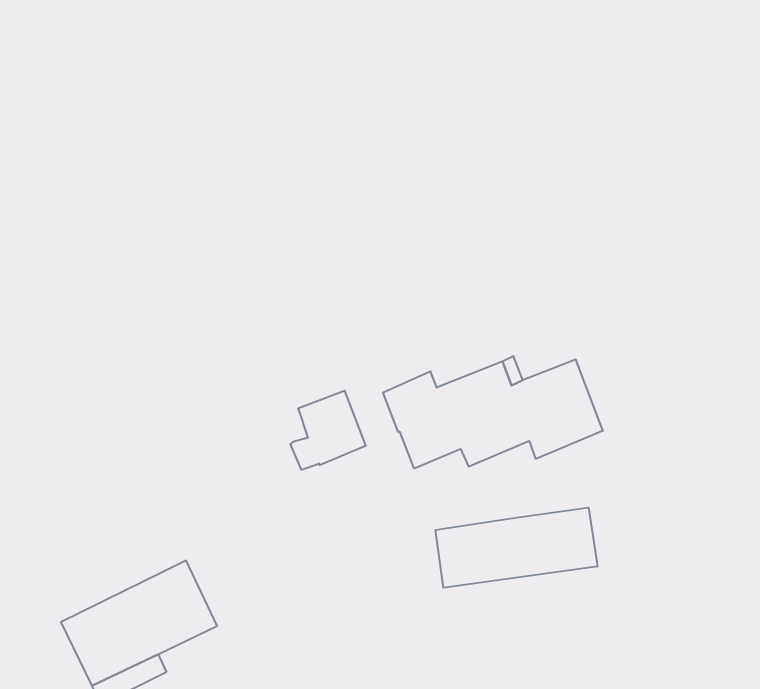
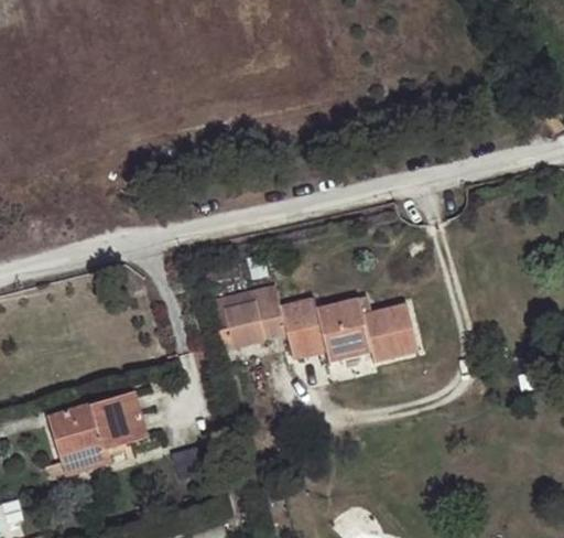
building: none -> [209,284,285,336]
building: [436,507,597,588] -> none

